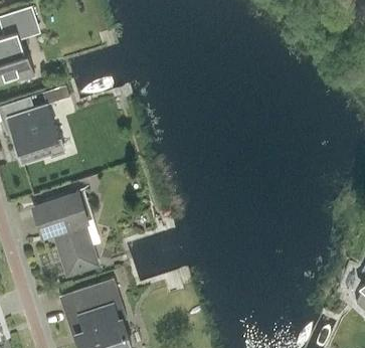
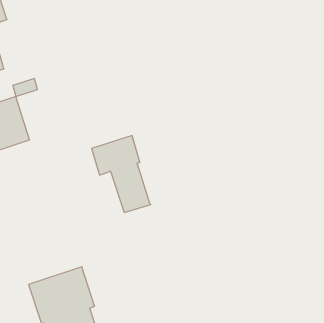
building: [35,194,96,273] -> [92,136,151,212]

